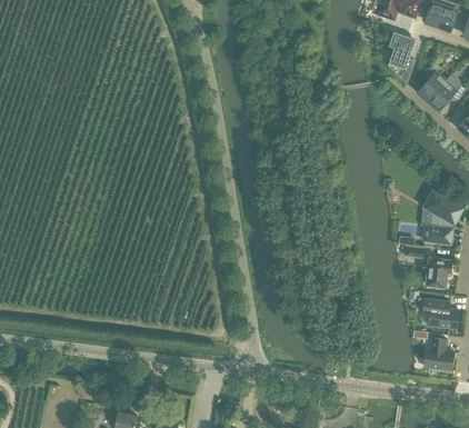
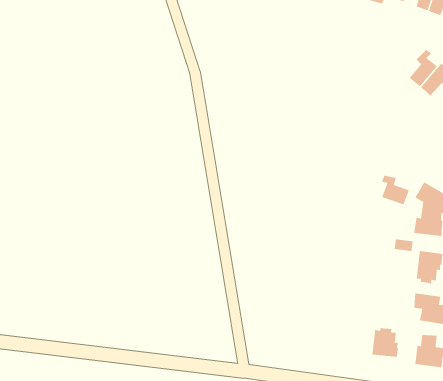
building: [388,32,416,84] -> none
building: none -> [377,175,409,205]
building: none -> [372,327,399,358]

